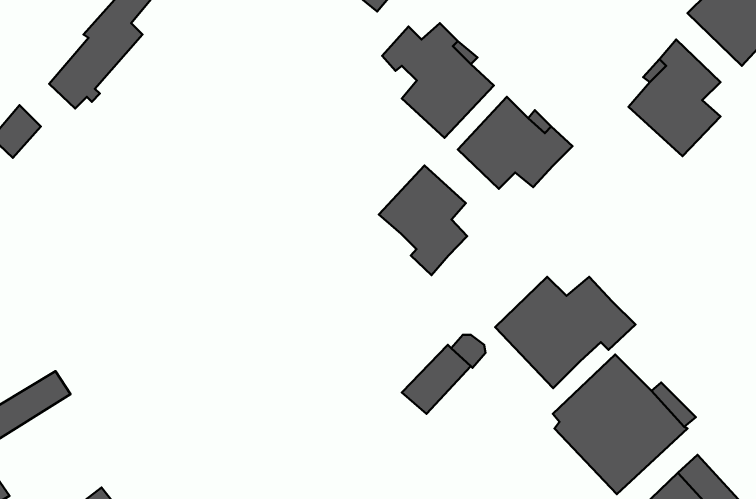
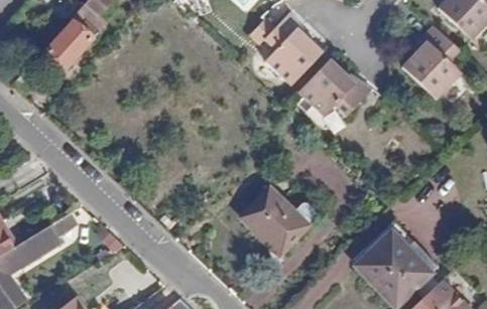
building: [379,166,467,275] -> none
building: [495,277,636,388] -> none
building: none -> [240,190,291,242]

